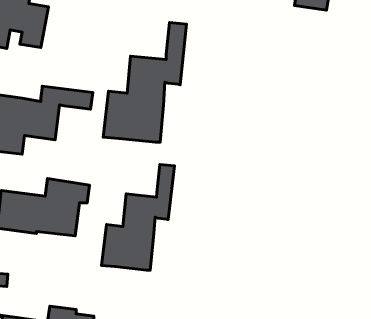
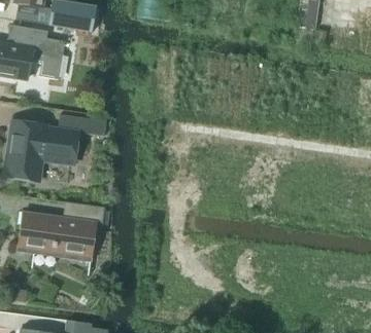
building: [103,23,186,142] -> none
building: [101,164,174,270] -> none

